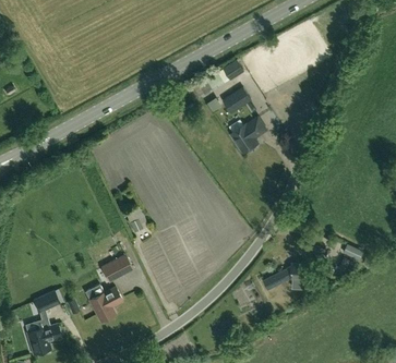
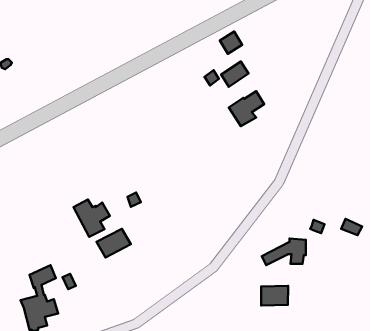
building: [85,285,121,322] -> [74,199,110,237]
building: none -> [261,286,288,306]

